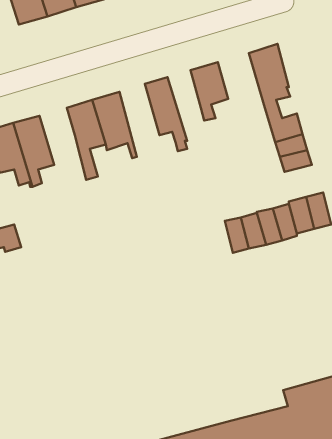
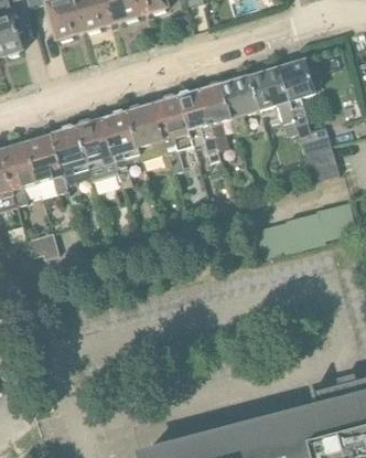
building: none -> [249,66,294,124]
building: none -> [201,83,233,151]
building: none -> [154,96,193,173]
building: none -> [77,119,123,193]

